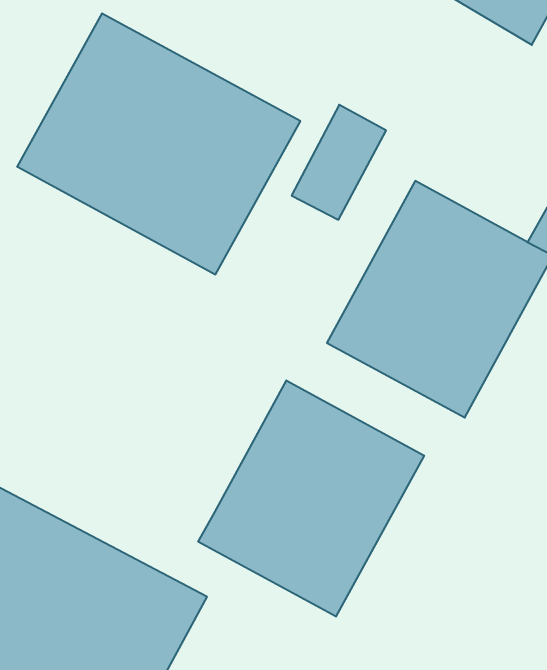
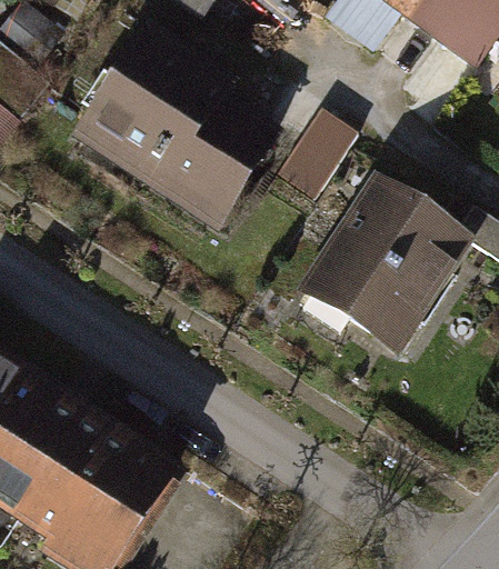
building: [198,380,424,617] -> none

